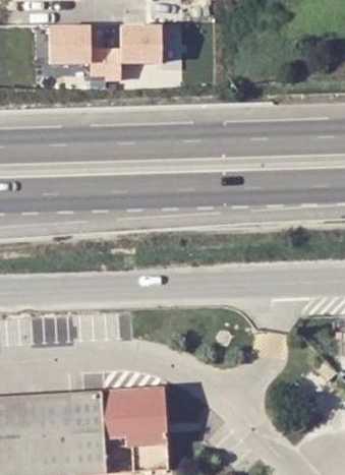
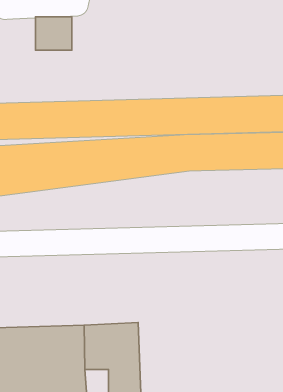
building: [91,27,163,81] -> none

